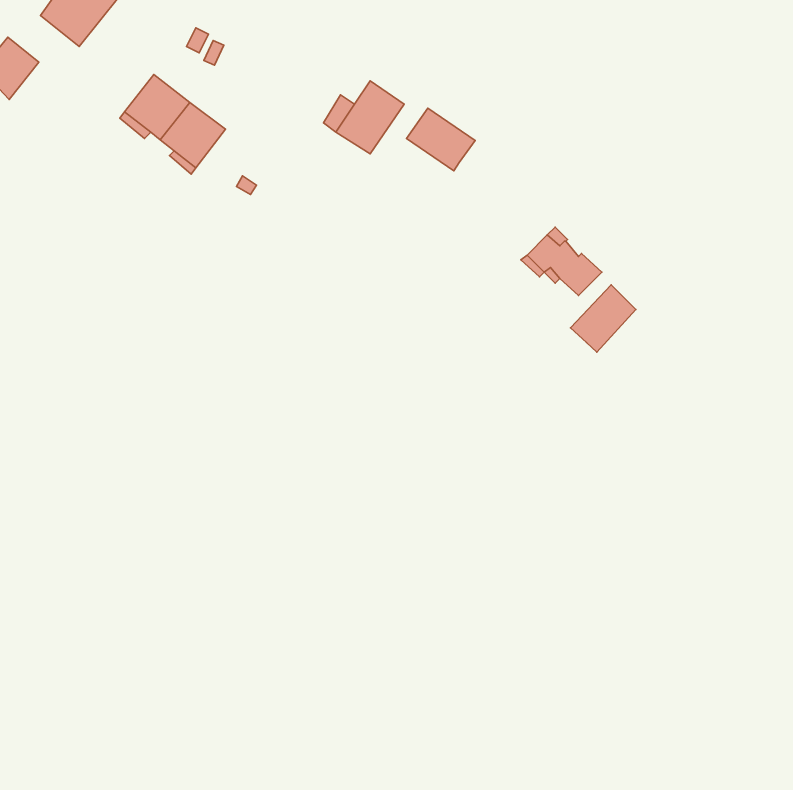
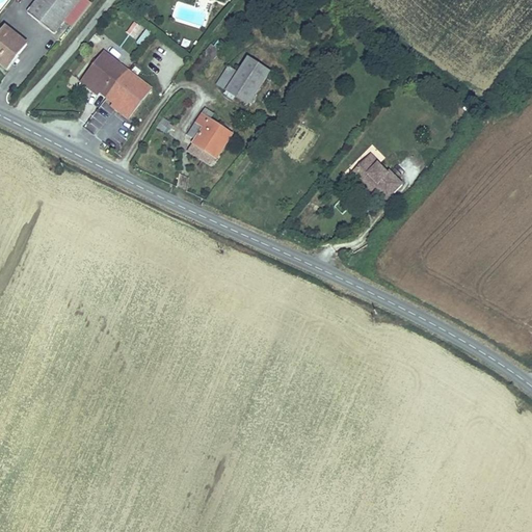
building: [407,108,475,171] -> none
building: none -> [188,107,232,163]
building: [571,285,636,352] -> none

